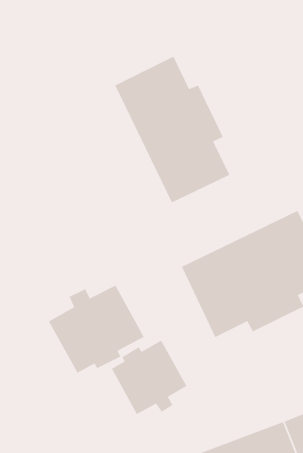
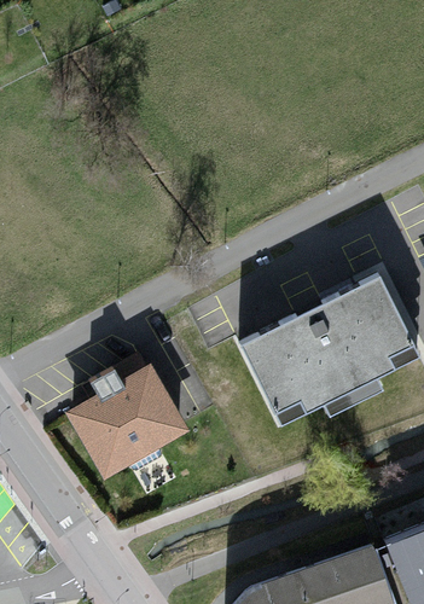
building: [114,55,230,203] -> none
building: [111,340,187,415] -> none

